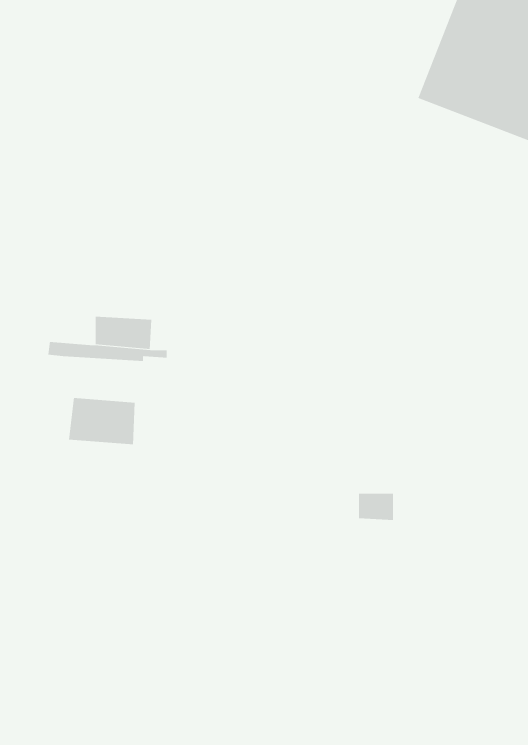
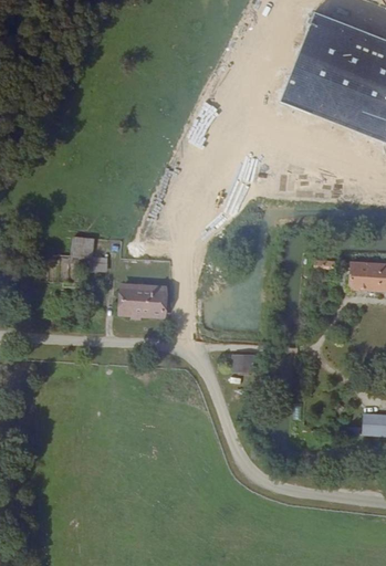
building: [68,398,136,445] -> [128,294,173,325]

